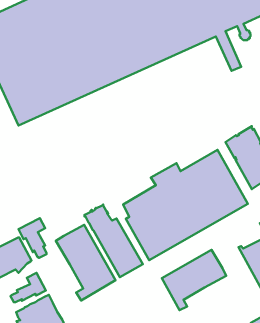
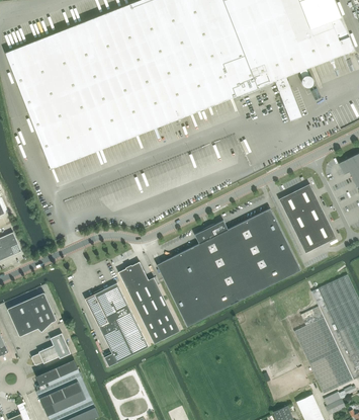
building: [18,218,47,258] -> none
building: [162,250,226,310] -> none

